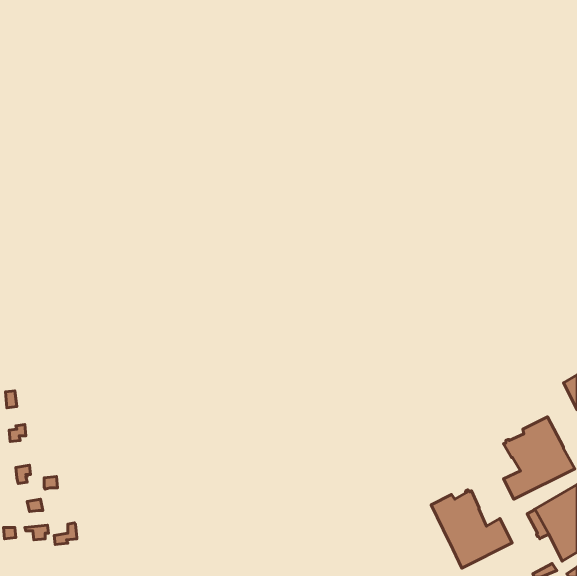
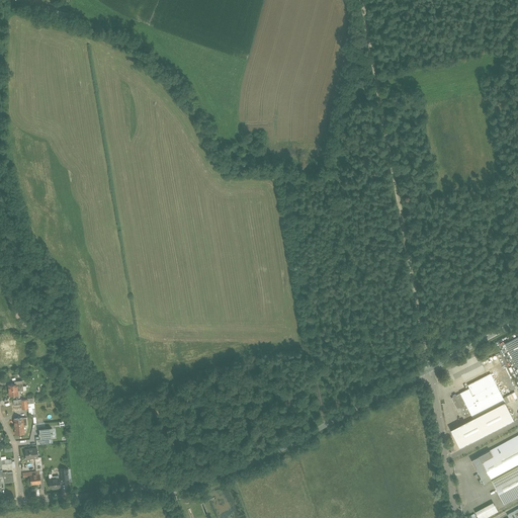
building: [431,490,512,568] -> none

